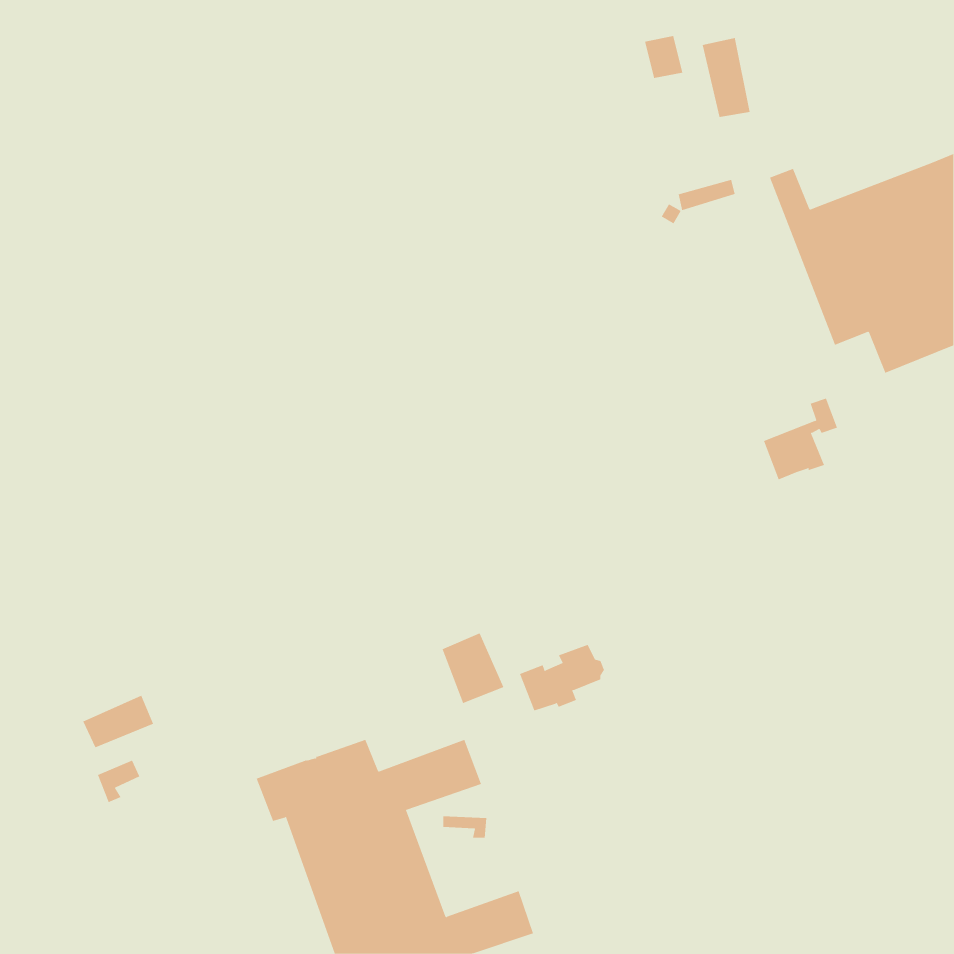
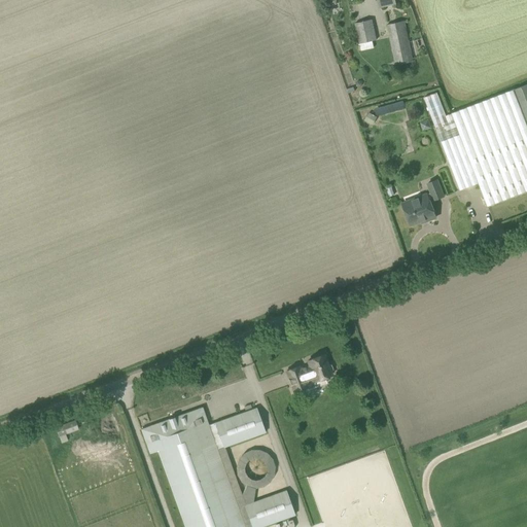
building: [763,398,838,480] -> [402,180,444,225]
building: [442,632,504,704] -> none
building: [82,695,154,748] -> none

